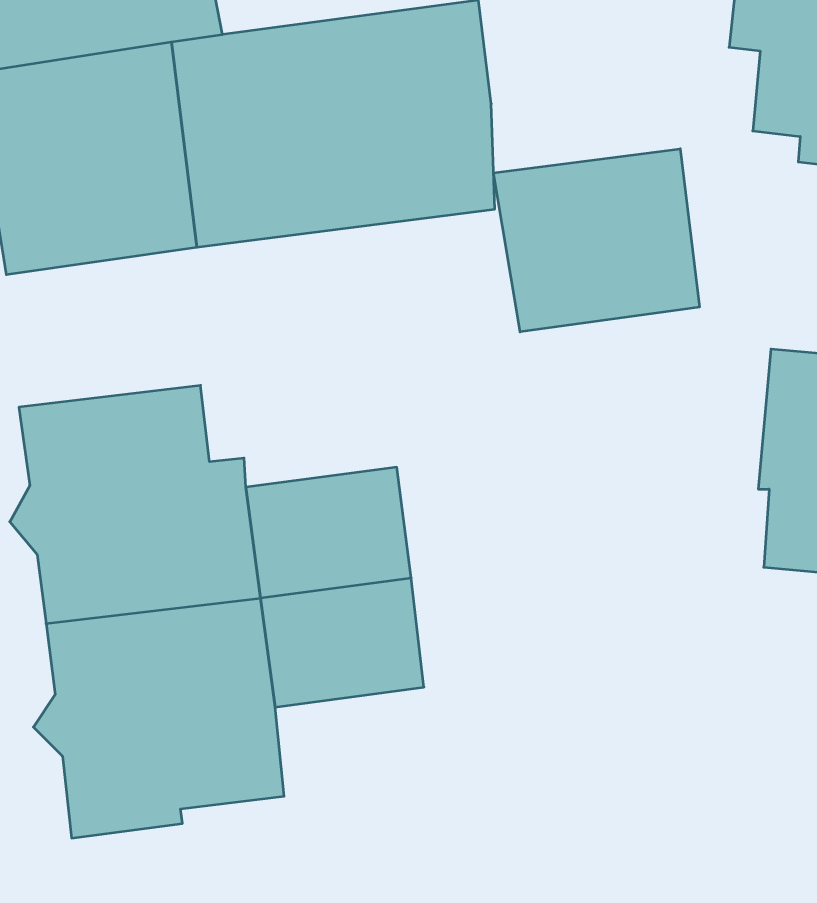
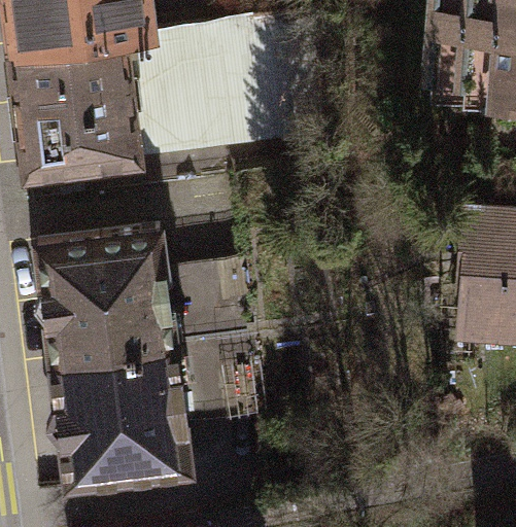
building: [494,149,699,332] -> none

